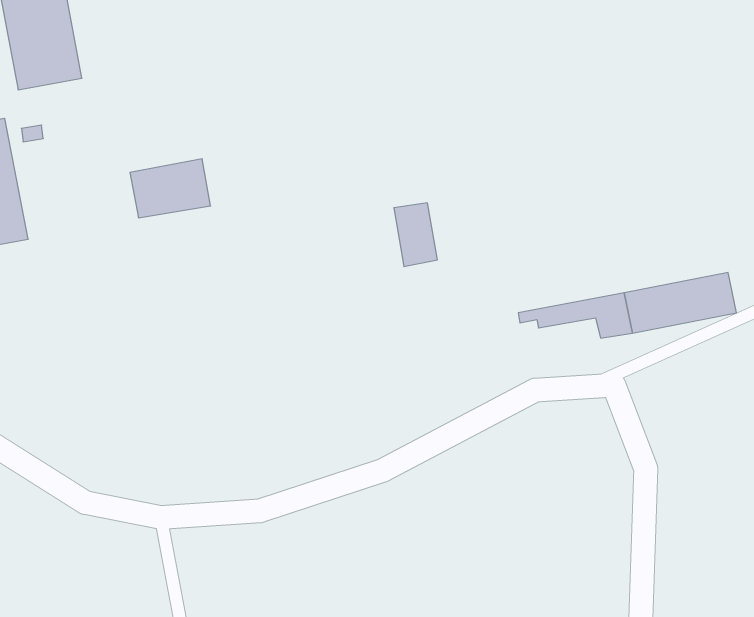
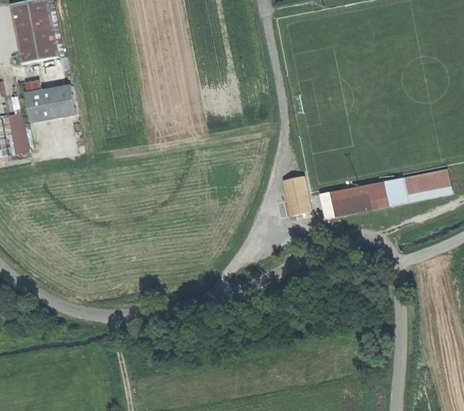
building: [130,159,211,218] -> [25,87,73,122]
building: [394,203,437,267] -> [282,178,308,216]
building: none -> [321,197,369,218]

